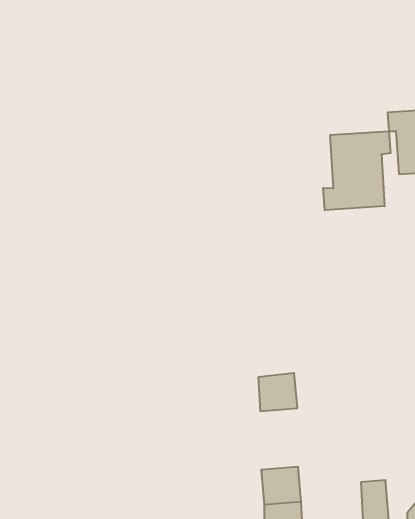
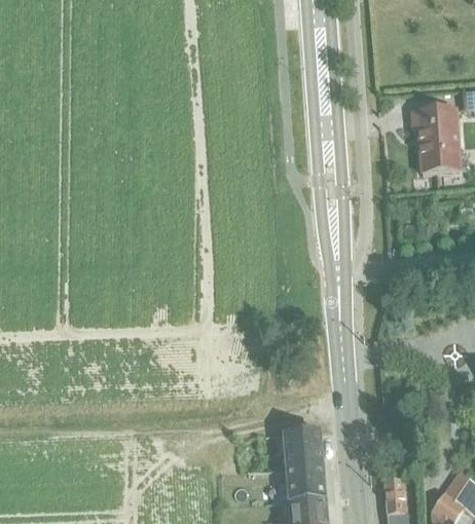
building: [323,131,390,210] -> none
building: [258,373,297,411] -> [283,432,322,470]

